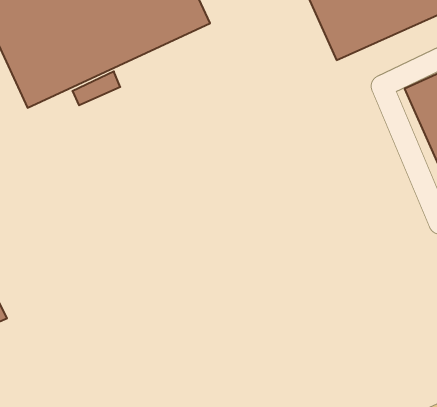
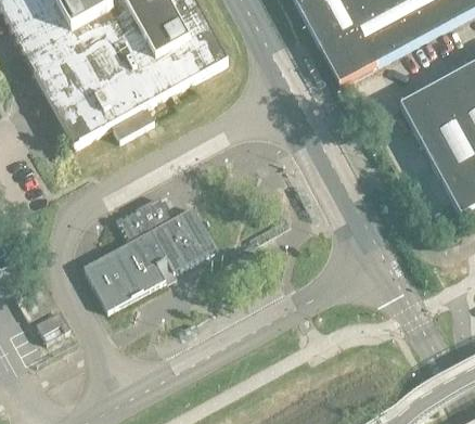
building: none -> [77,193,216,313]

